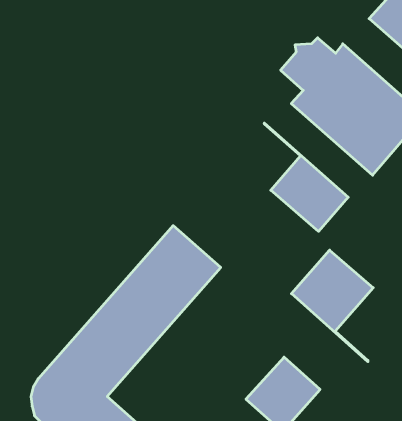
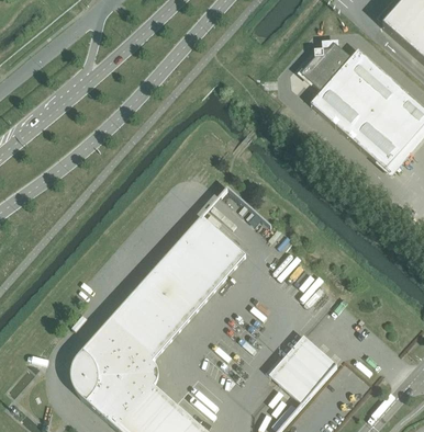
building: [264,123,348,231] -> none
building: [291,250,373,362] -> none

